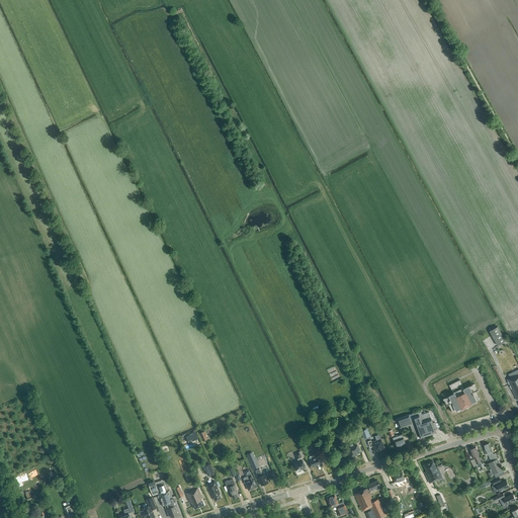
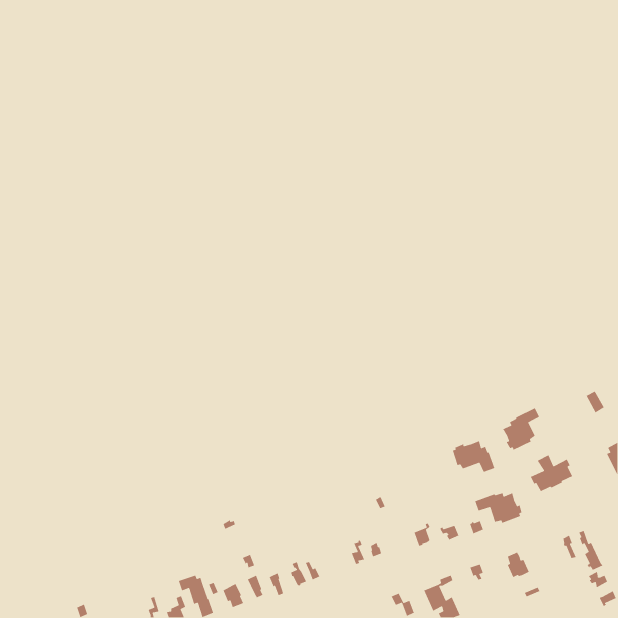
building: none -> [502,407,540,451]
building: none -> [452,440,495,473]

